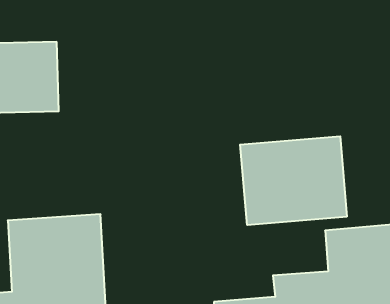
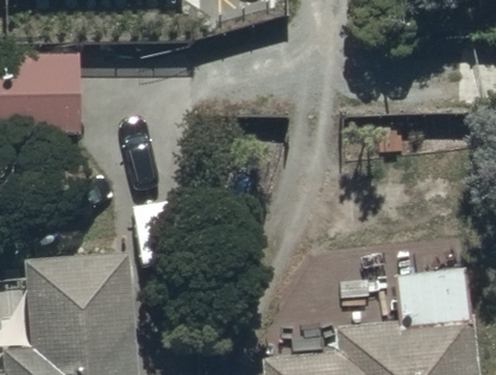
building: [240,136,347,225] -> none

